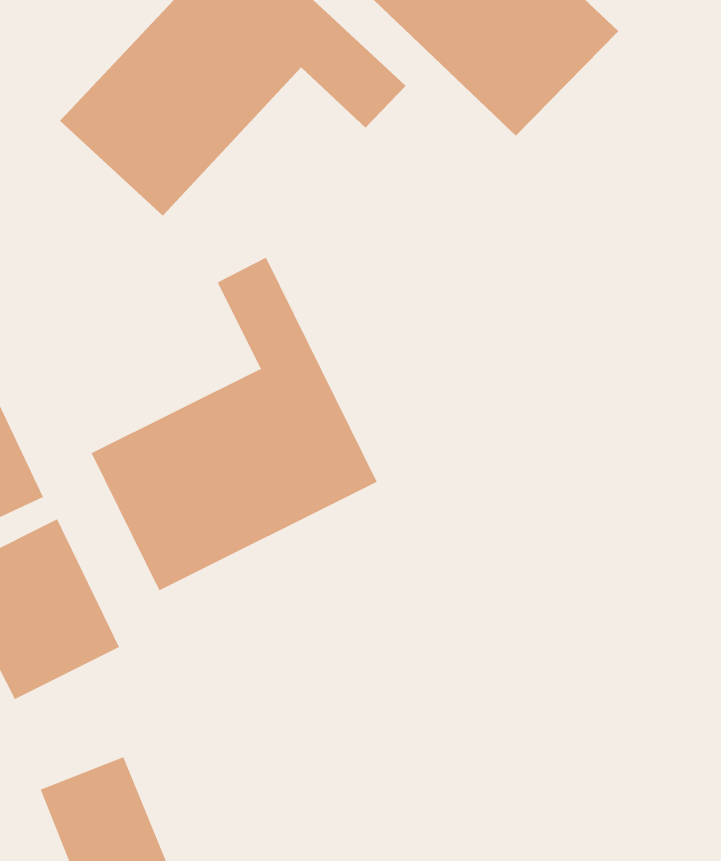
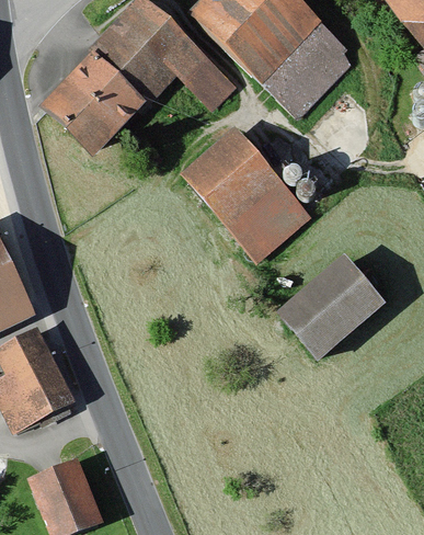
building: none -> [182,127,311,261]
building: [91,257,378,591] -> none
building: none -> [279,259,383,358]

